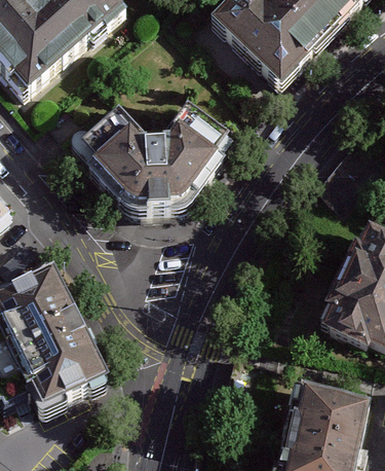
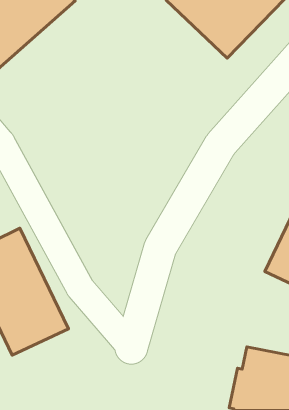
building: [79,103,229,208] -> none

